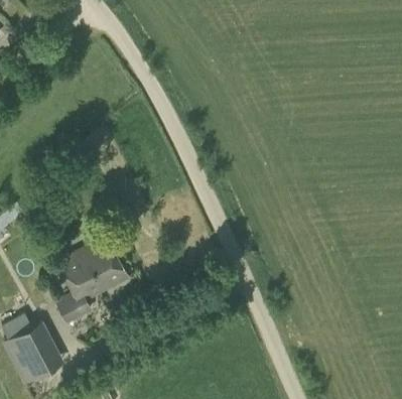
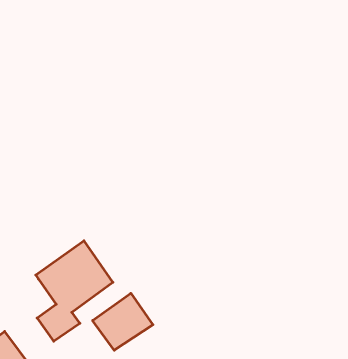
building: none -> [93,293,153,350]

